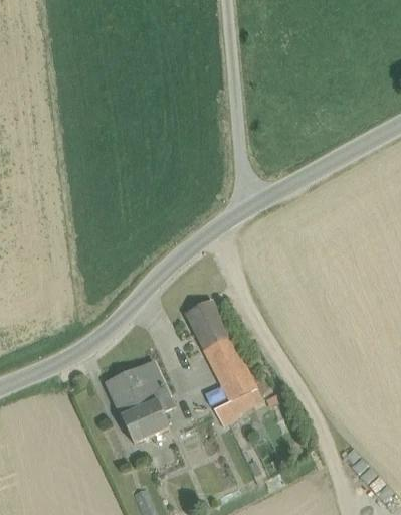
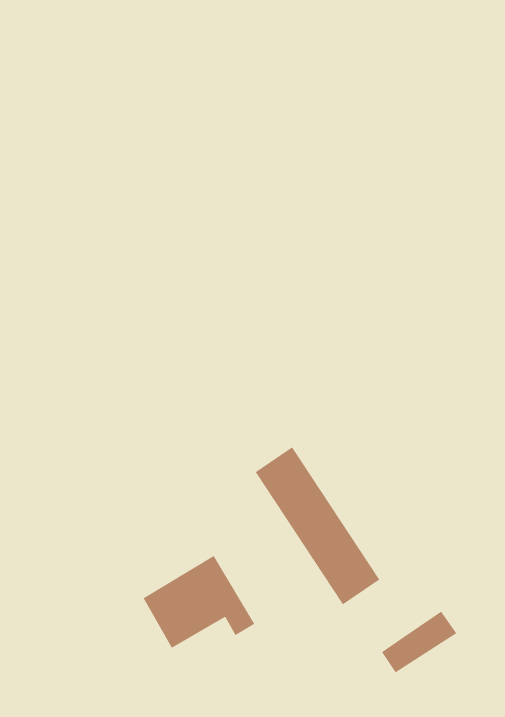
building: [214,387,262,422] -> [381,611,457,673]
building: [121,399,168,443] -> none

